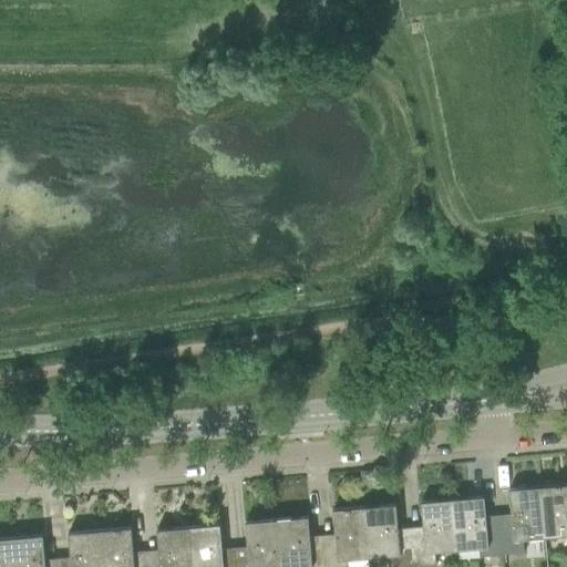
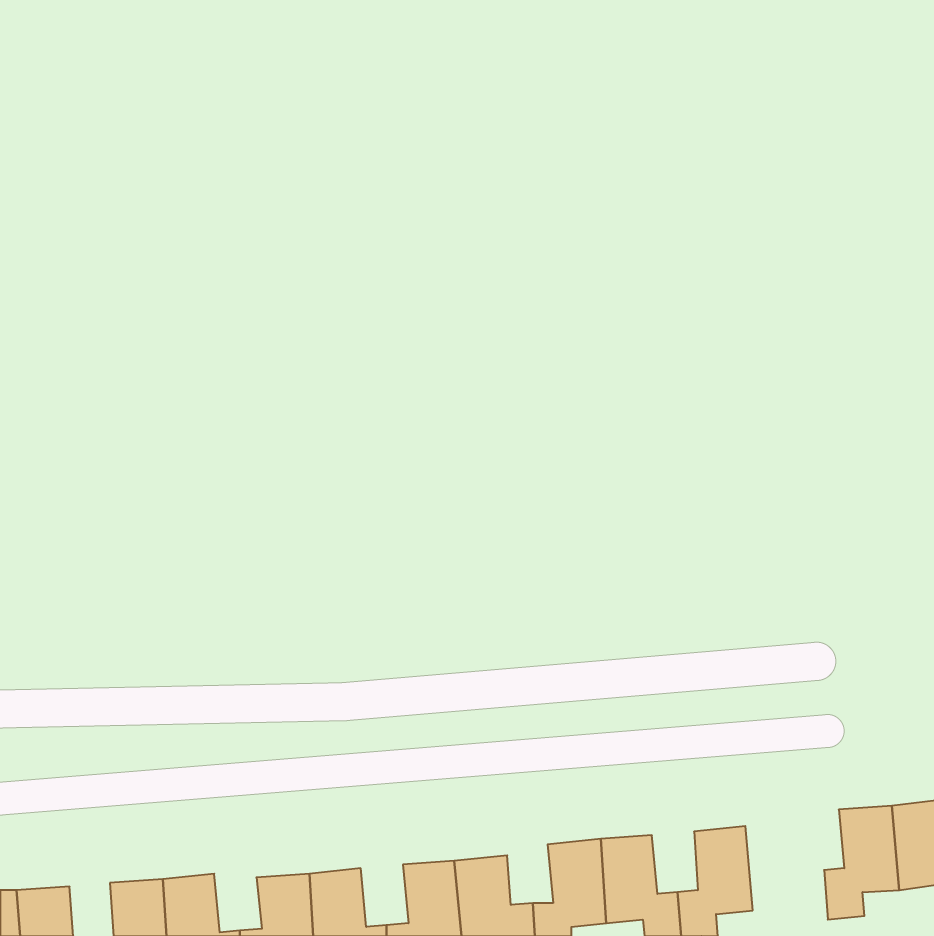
building: [452,497,502,557] -> none

